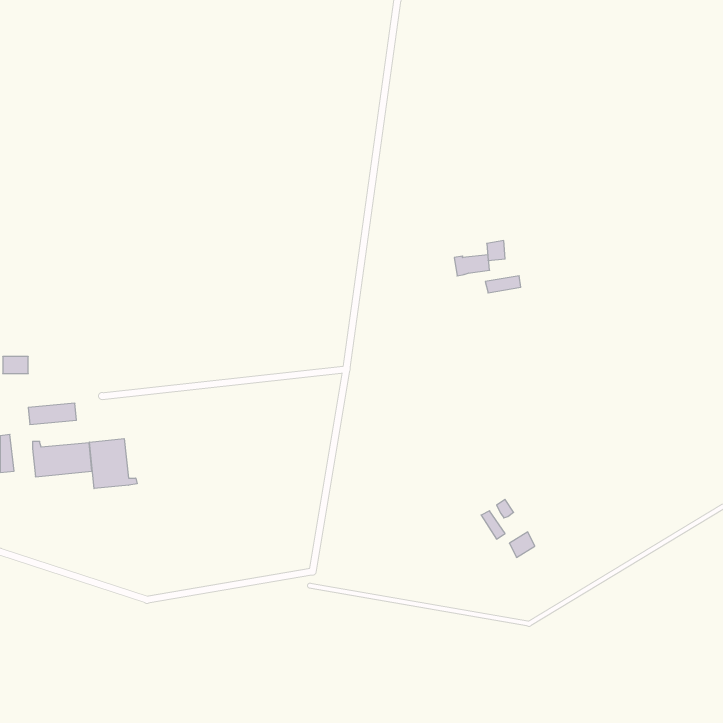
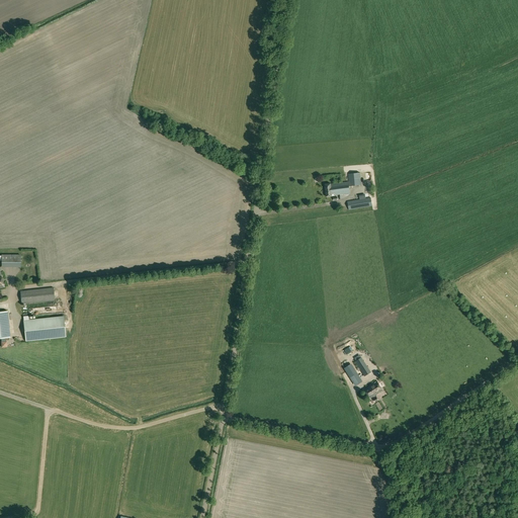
building: [89,439,137,489] -> none

